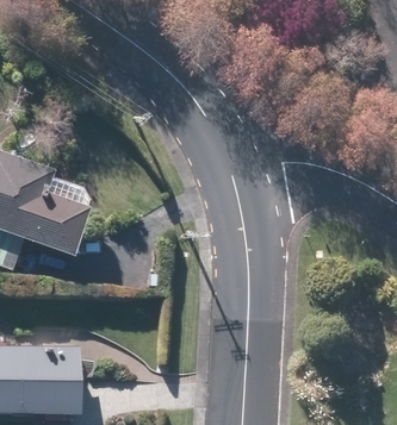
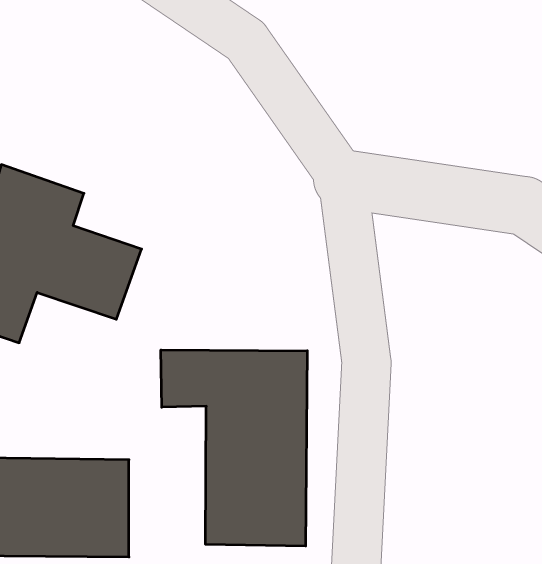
building: none -> [161,350,307,546]

